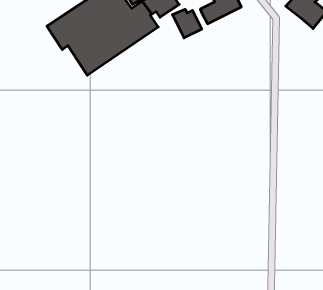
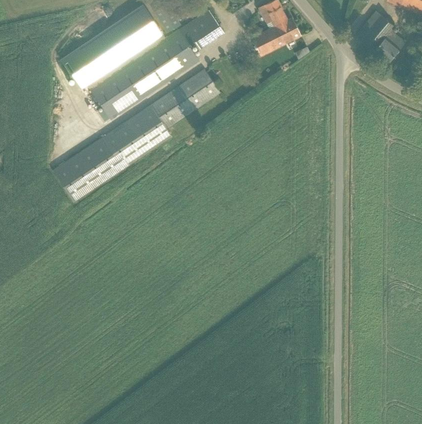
building: [172,9,202,38] -> none
building: none -> [51,67,219,200]

